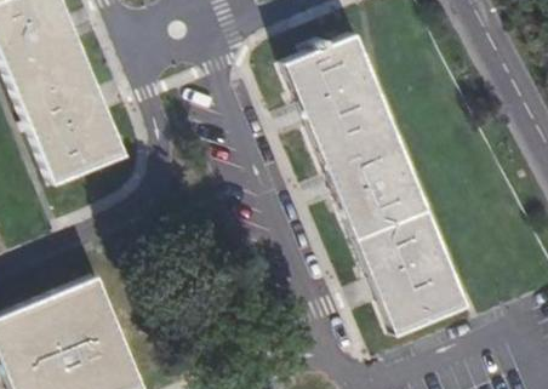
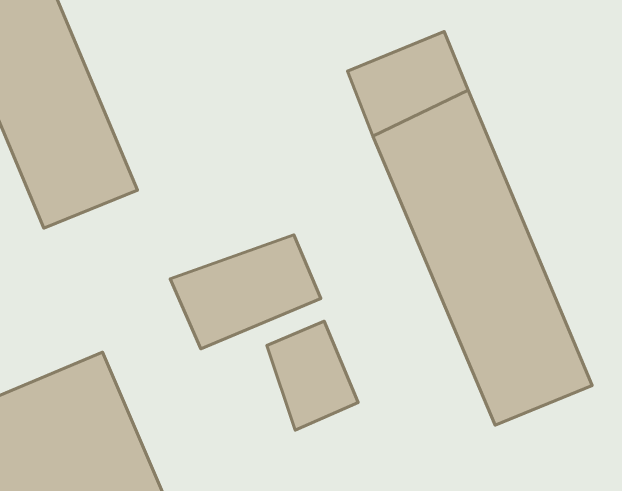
building: none -> [170,235,321,349]
building: none -> [267,321,358,430]

